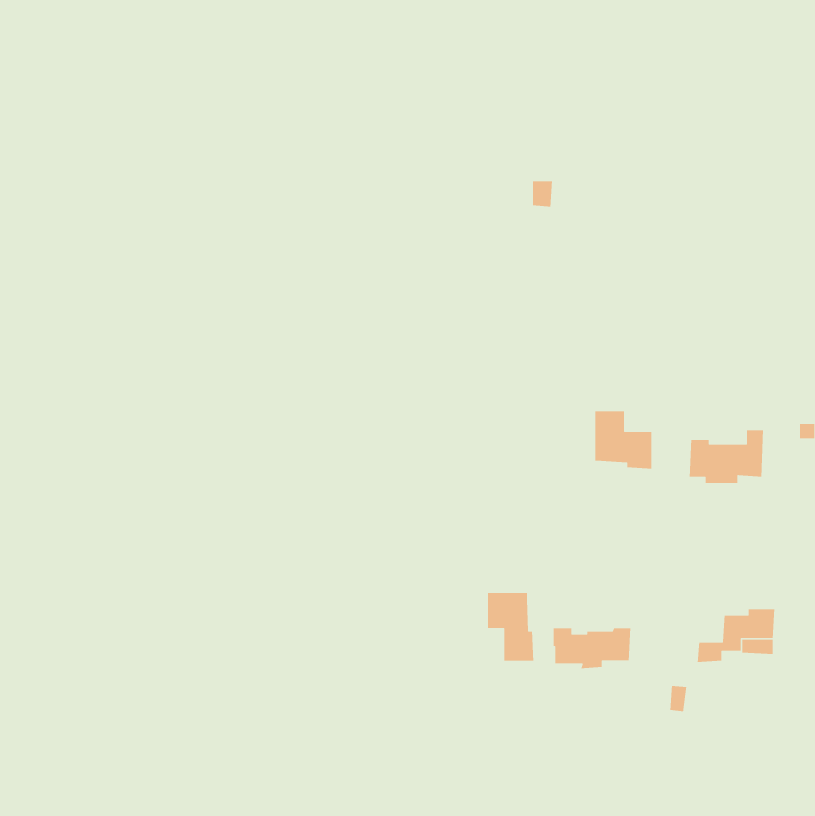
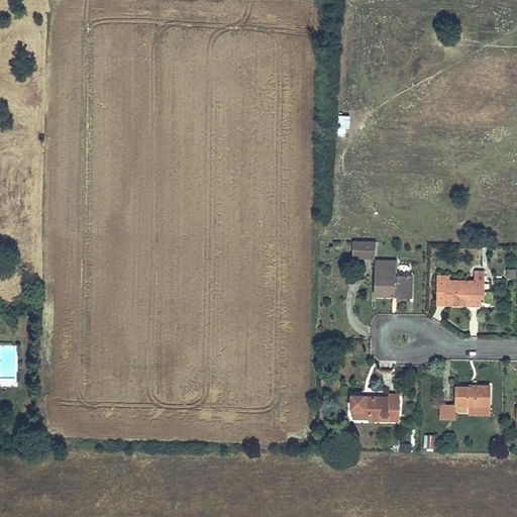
building: none -> [351,239,375,256]
building: [487,592,534,661] -> none

